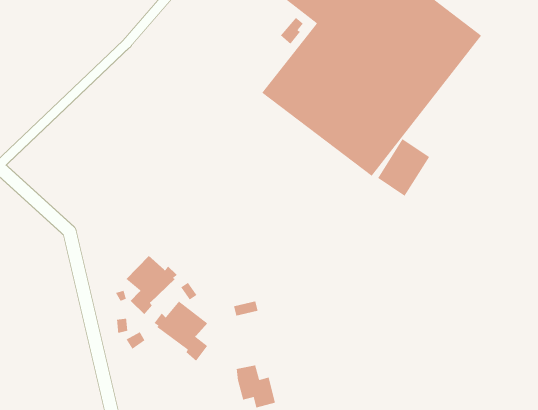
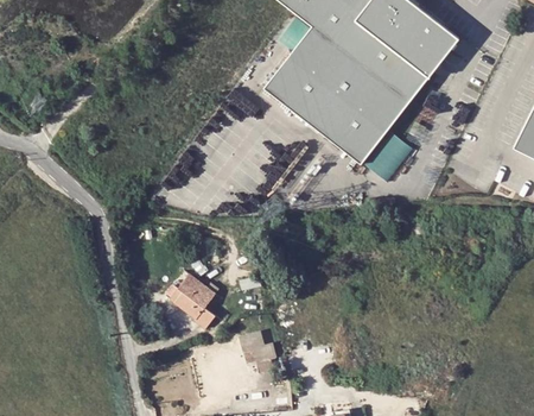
building: [125,255,177,315] -> none

